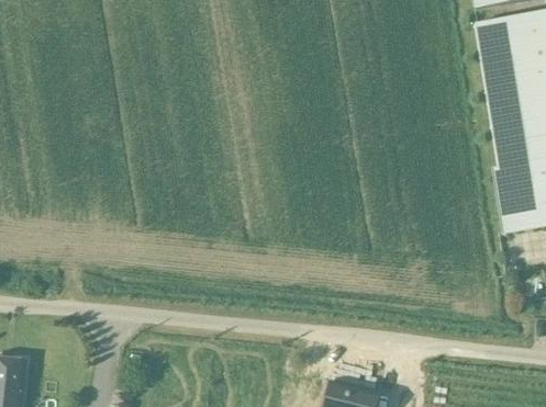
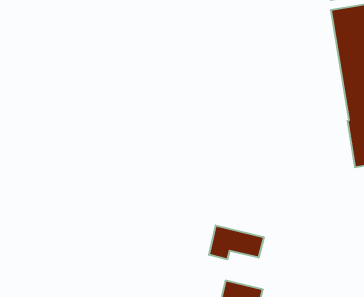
building: none -> [209,225,264,259]

